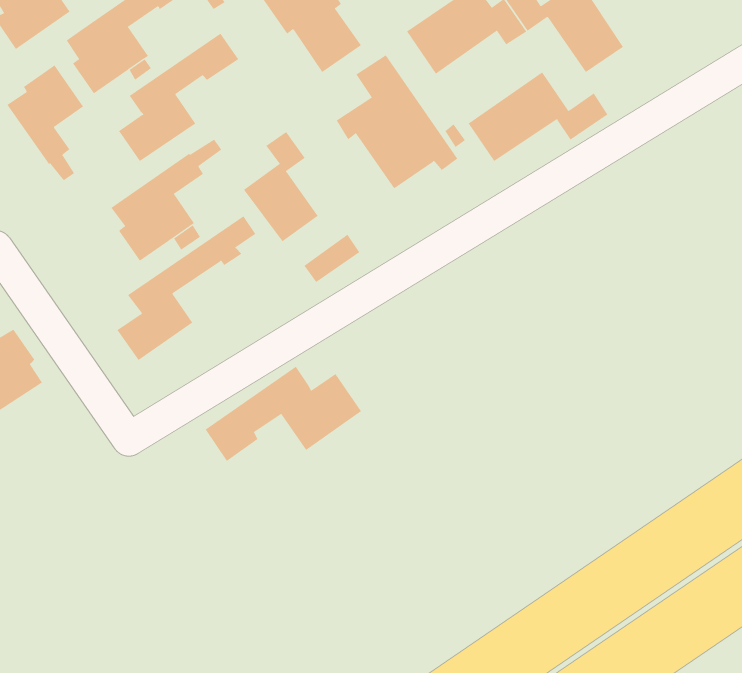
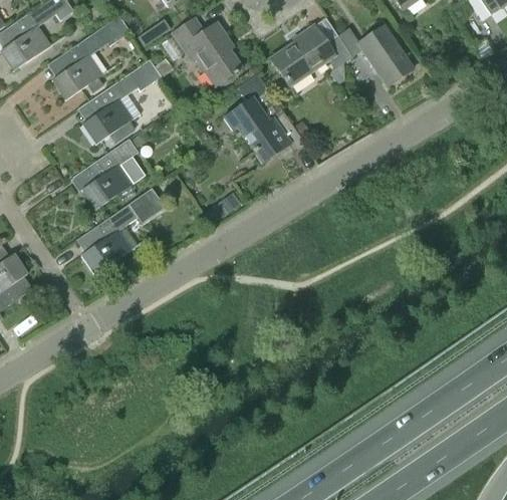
building: [7,65,84,181] -> none
building: [468,71,608,162] -> none
building: [243,131,318,242] -> none
building: [205,366,362,462] -> none

